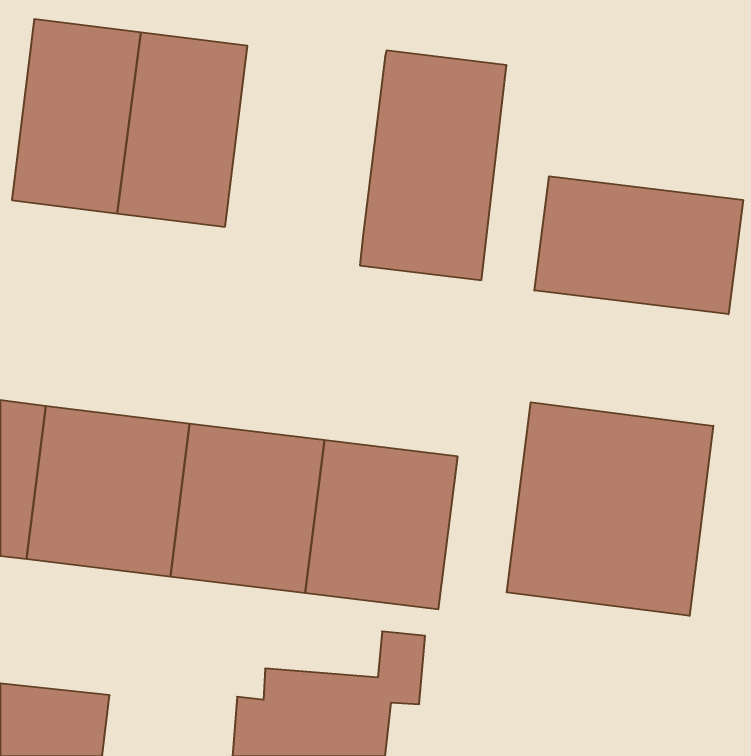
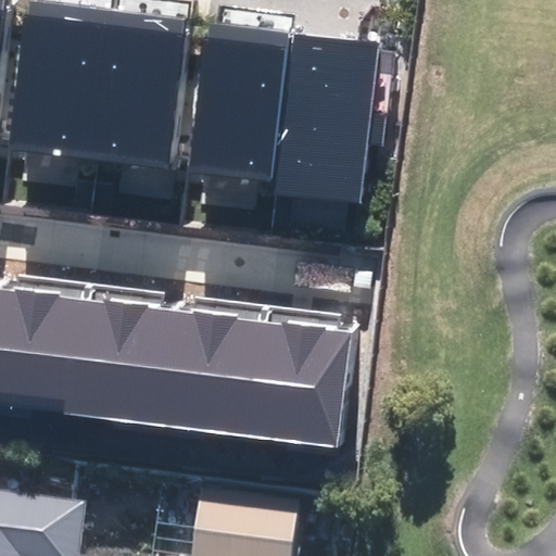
building: none -> [191,31,287,174]
building: [534,176,743,314] -> none
building: [507,402,713,616] -> none

